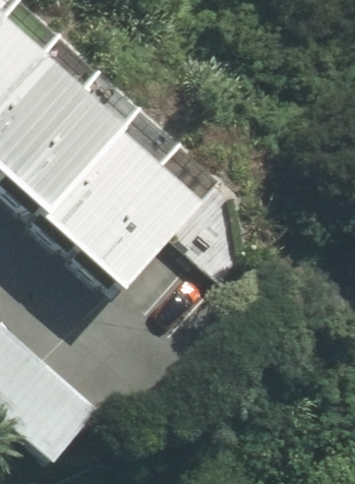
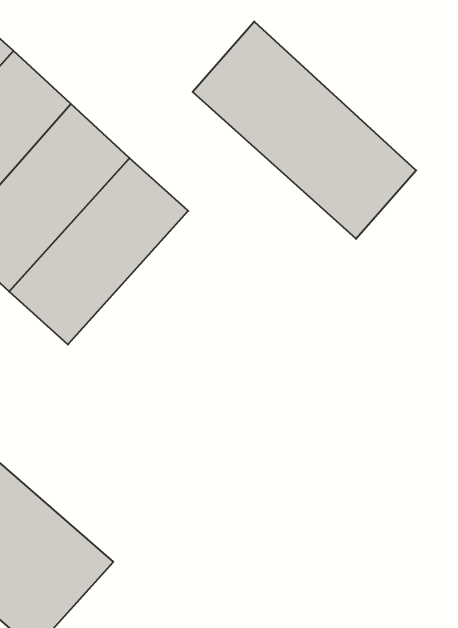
building: none -> [193,21,416,239]
building: [76,157,199,286] -> none

